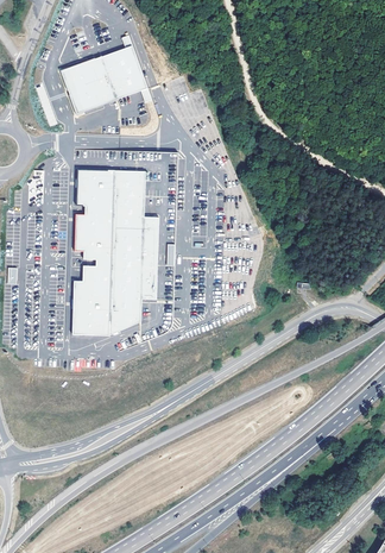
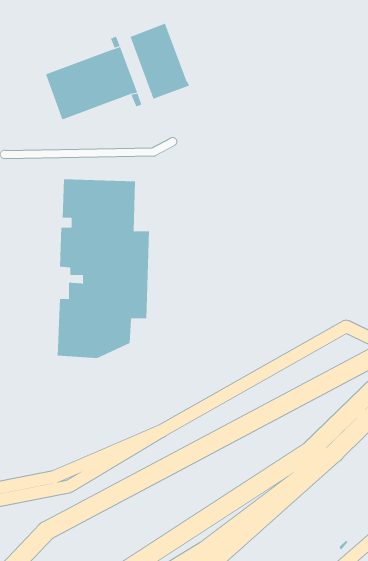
building: none -> [130,23,190,100]

